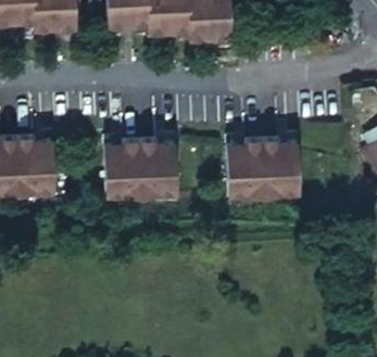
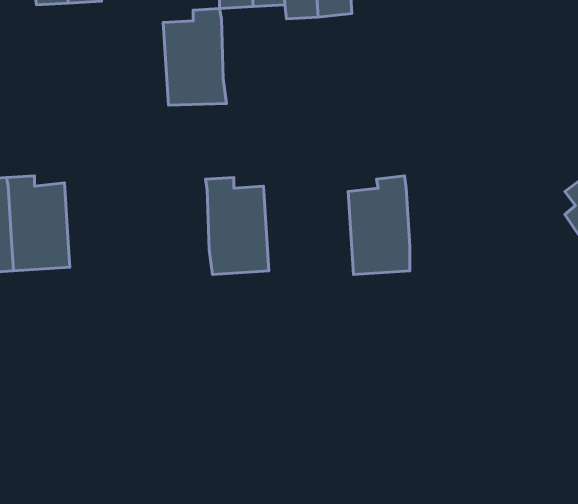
building: [264,138,303,196] -> none
building: [106,140,146,200] -> [163,8,227,105]

